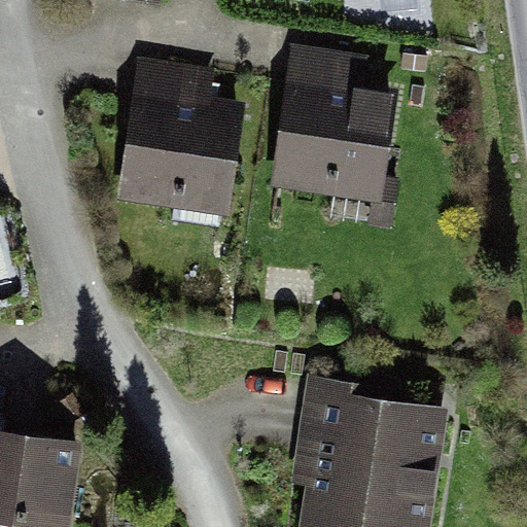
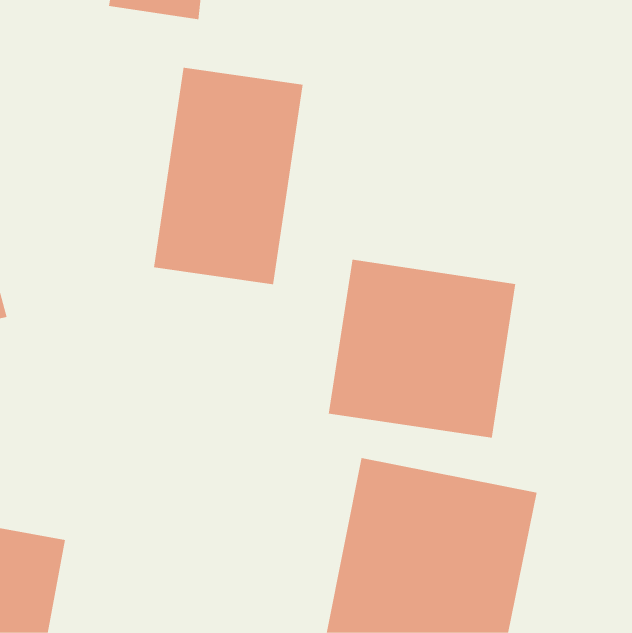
building: [274,46,393,218] -> none
building: none -> [328,259,516,439]

